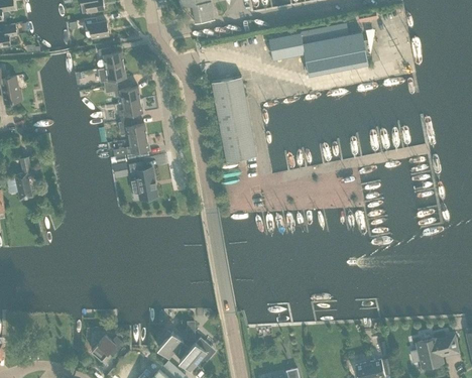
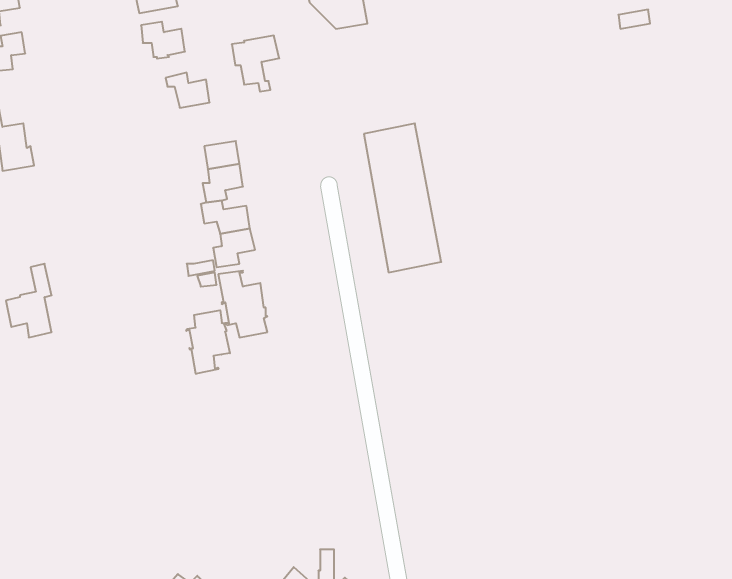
building: [268,24,368,77] -> none
building: [99,65,126,97] -> [232,36,279,92]
building: none -> [186,310,230,374]

